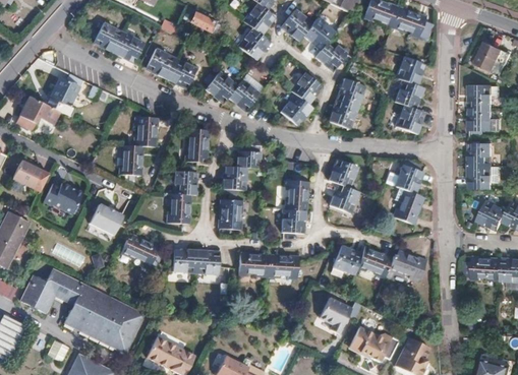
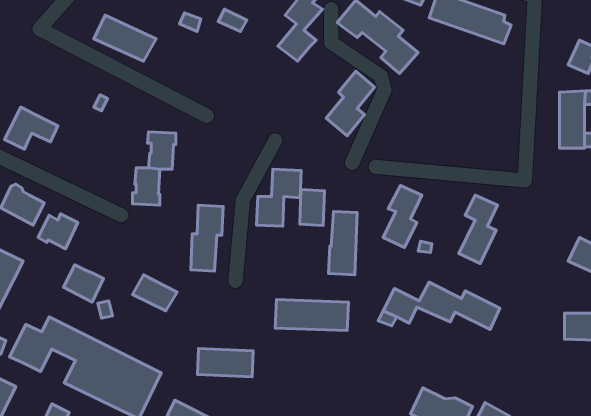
building: [141,45,192,84] -> none
building: [390,56,422,134] -> none
building: [200,67,255,107] -> none
building: [45,73,81,116] -> none
building: [326,79,363,129] -> none
building: [186,132,208,166] -> none
building: [470,139,492,186] -> none
building: [90,203,122,234] -> [64,265,103,302]
building: [219,204,239,234] -> [300,190,325,226]
building: [171,252,217,275] -> [197,348,253,377]
building: [319,296,360,332] -> none

